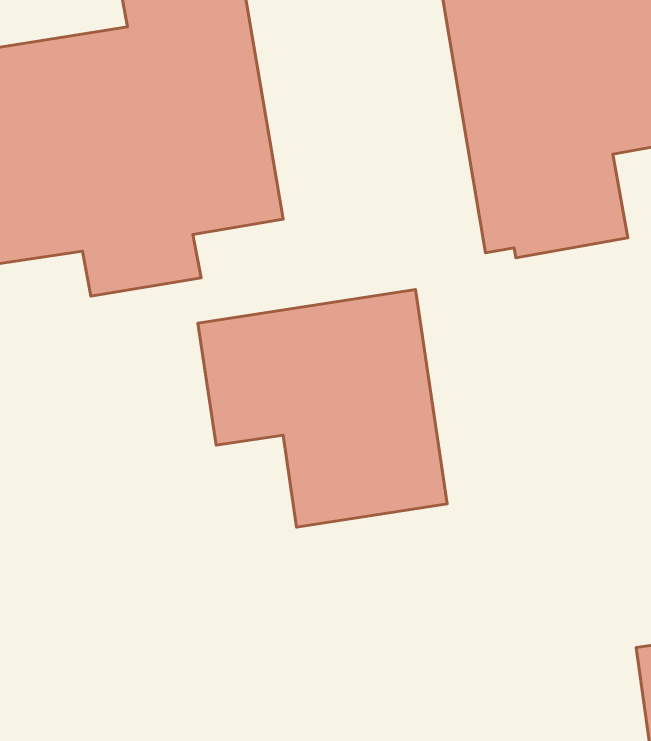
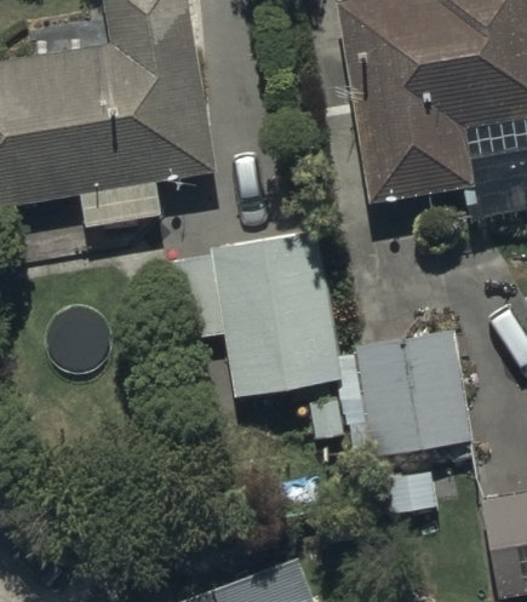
building: none -> [345,329,479,464]

